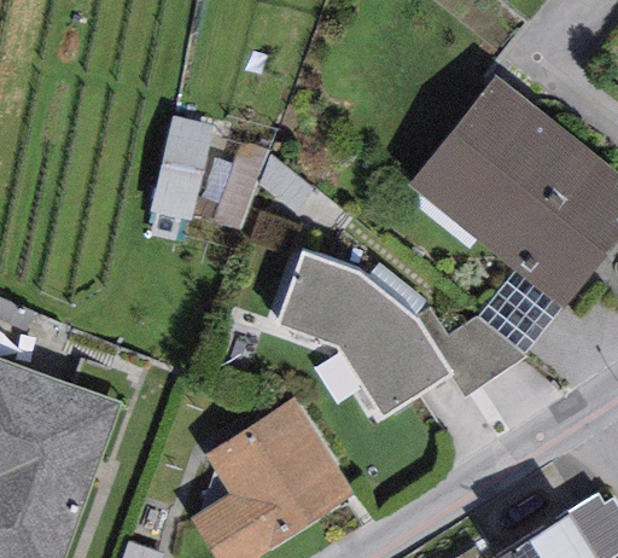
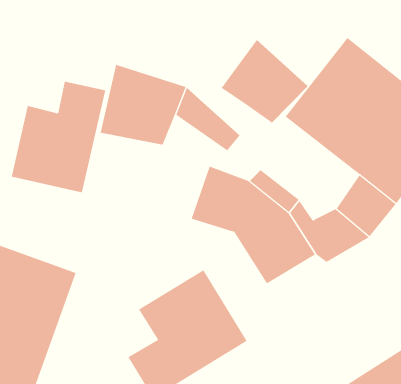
building: none -> [221,39,309,123]
building: none -> [11,81,106,193]

